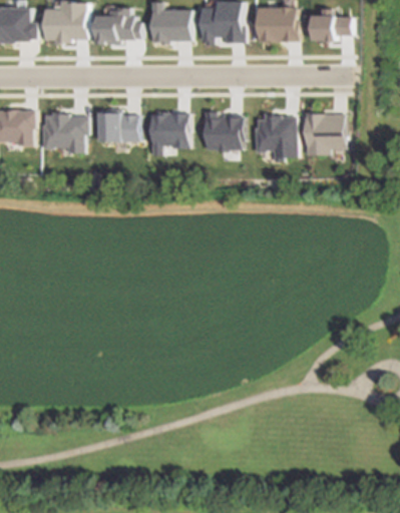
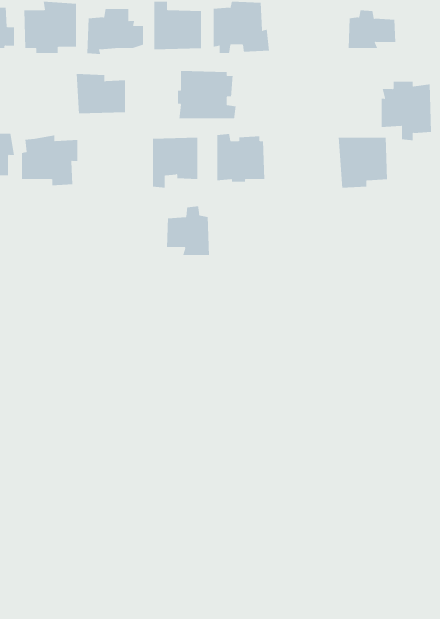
building: [257,7,300,41] -> none
building: none -> [177,70,236,119]
building: [97,109,138,142] -> [76,74,126,114]
building: [253,114,295,163] -> [381,81,432,141]
building: none -> [166,205,209,256]

